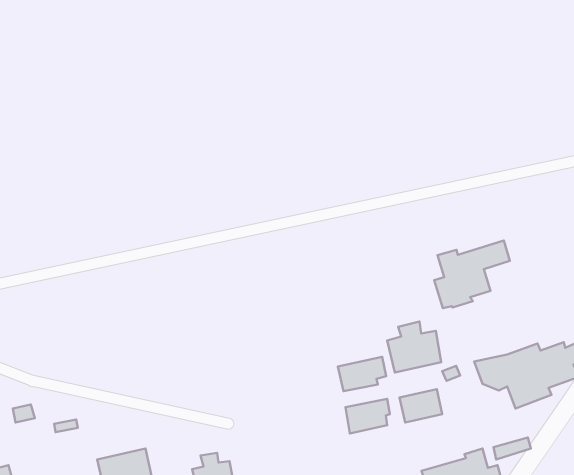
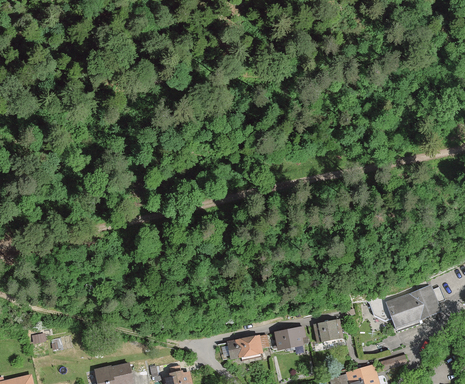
building: [434,240,510,308] -> none
building: [387,322,441,373] -> none
building: [338,357,386,391] -> [233,333,268,358]

